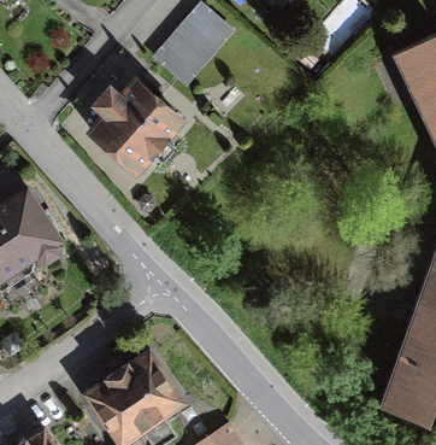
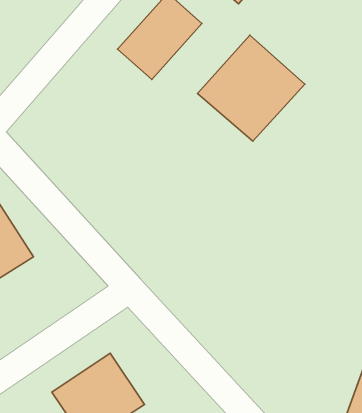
building: none -> [198,35,305,141]
building: [81,70,173,164] -> none

